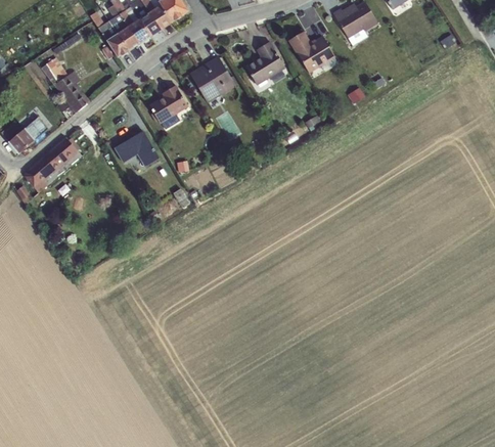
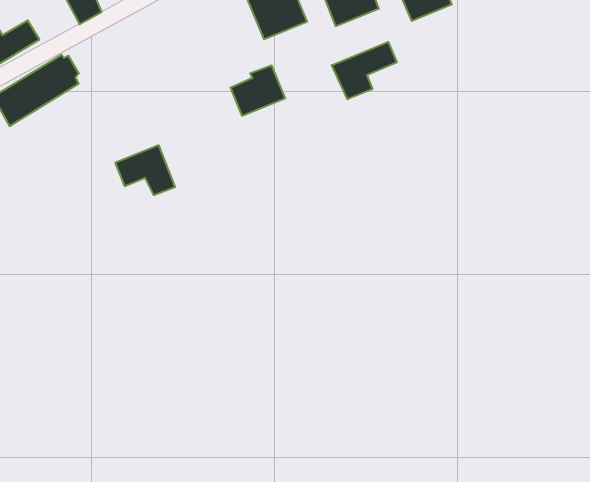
building: [148,85,188,124] -> [230,65,285,116]
building: none -> [332,42,397,99]
building: [114,131,159,167] -> [115,145,175,195]

